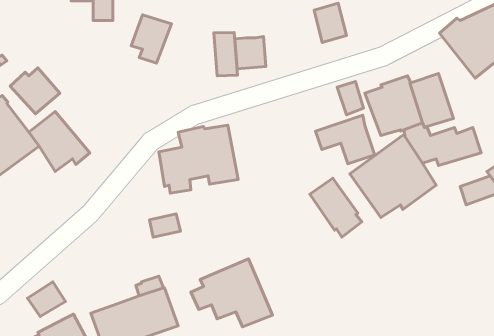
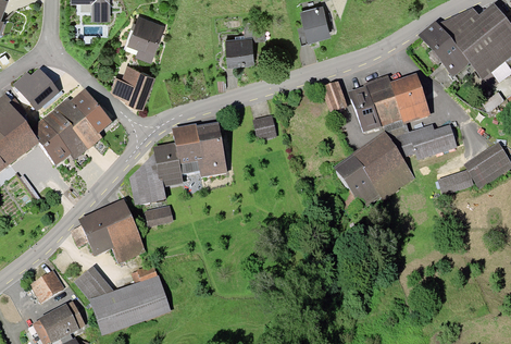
building: [214,32,238,76] -> none
building: none -> [110,66,157,111]
building: none -> [55,89,112,149]
building: [316,115,375,164] -> none
building: none -> [252,115,277,139]
building: none -> [129,152,166,205]
building: [310,178,362,237] -> none
building: [191,259,273,327] -> [70,199,147,263]
building: none -> [74,266,114,299]

